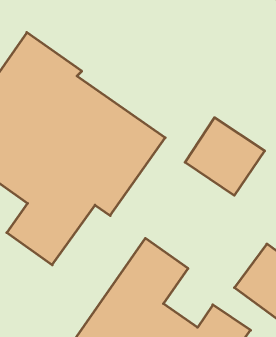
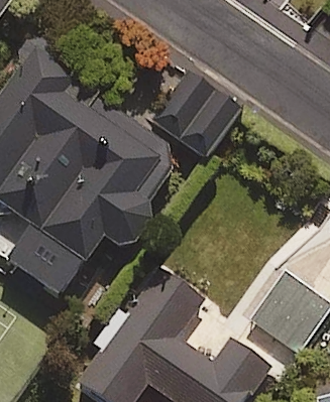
building: [185,118,265,195] -> [156,74,241,156]

